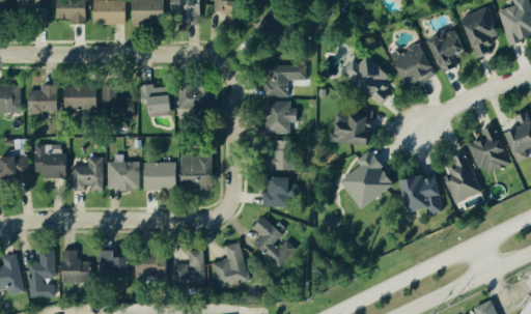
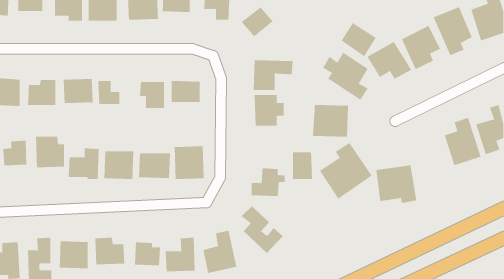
building: none -> [341,22,377,57]
building: [275,141,297,170] -> [292,152,313,180]
building: [438,151,477,204] -> none

